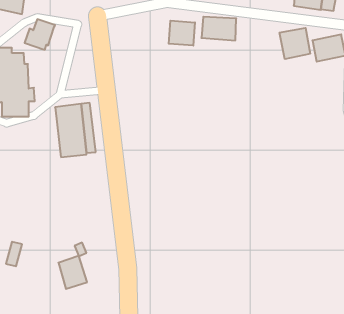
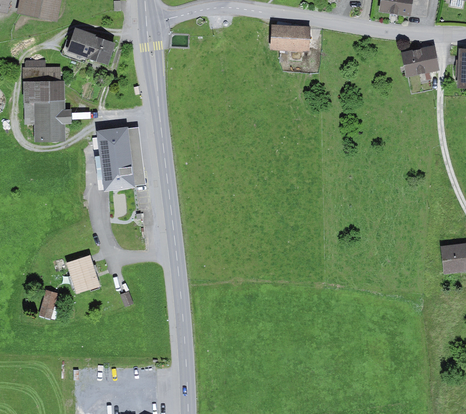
building: [169,21,195,46] -> none
building: none -> [88,36,115,65]
building: [280,28,310,59] -> none
building: [58,256,87,289] -> [66,254,100,293]

